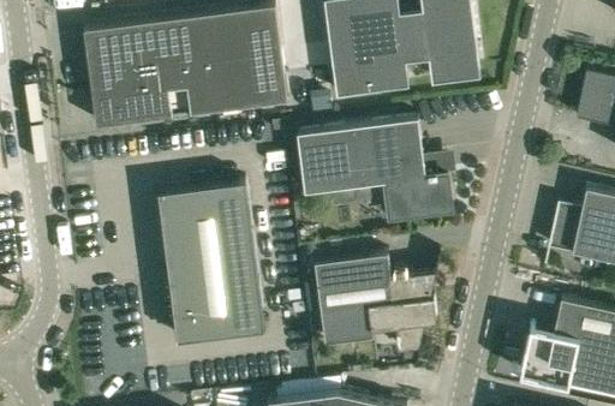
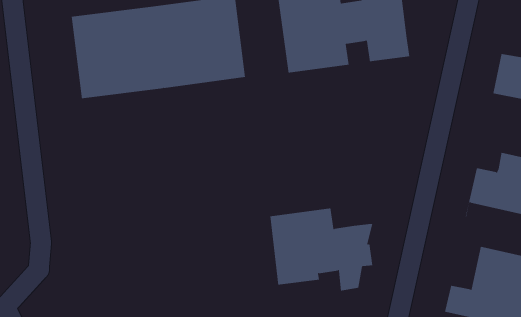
building: [297,120,450,219] -> none
building: [157,183,263,342] -> none

